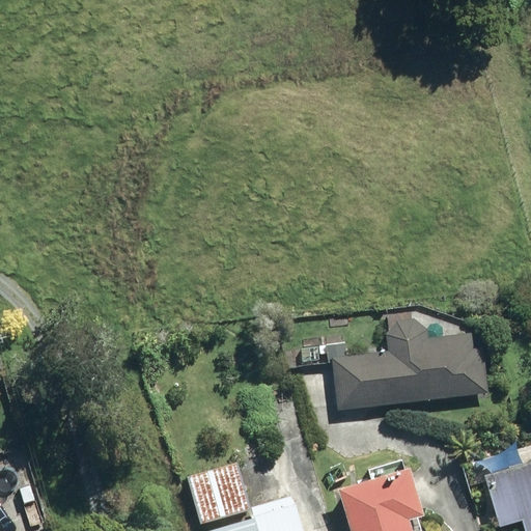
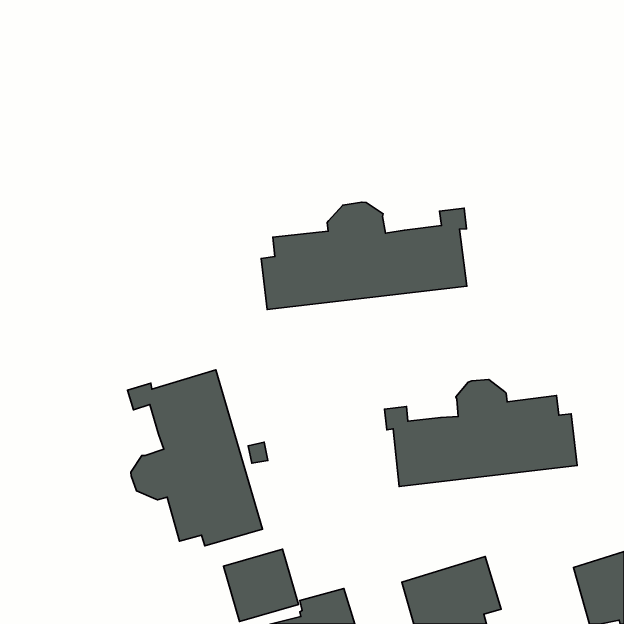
building: none -> [261,202,467,310]
building: none -> [128,370,263,546]

